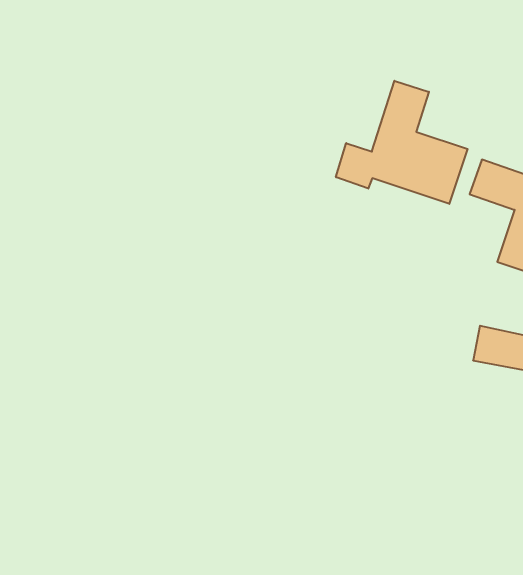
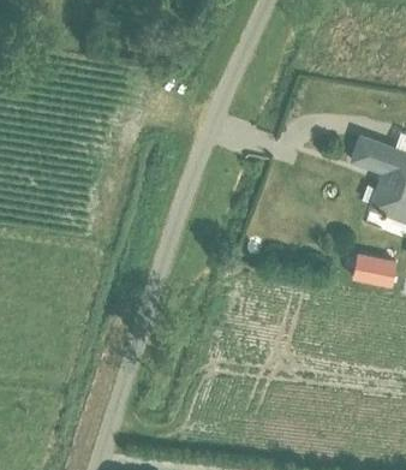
building: [336,81,468,204] -> none

